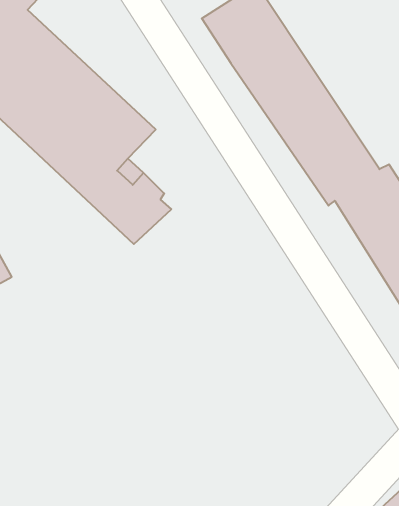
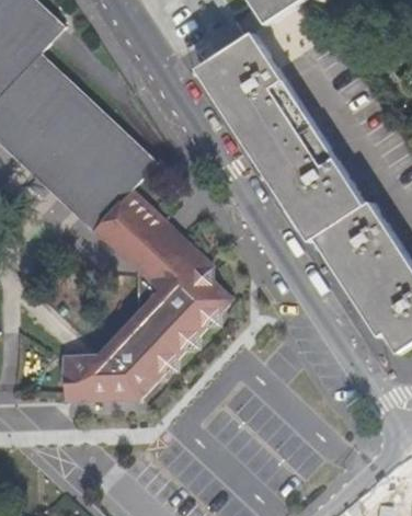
building: none -> [66,239,222,404]

